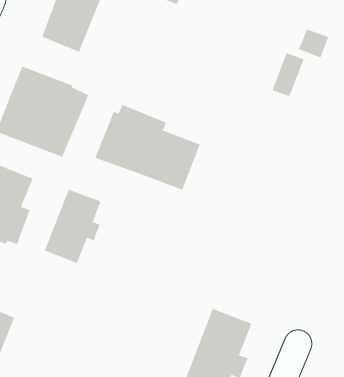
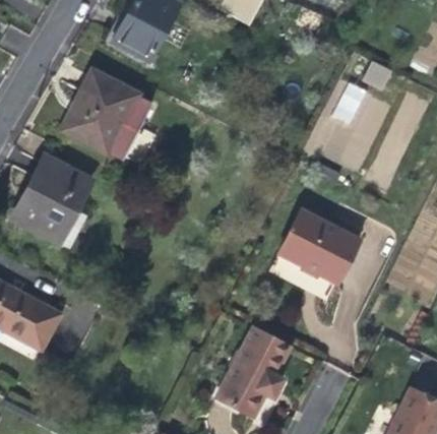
building: [94,104,201,191] -> none
building: none -> [276,208,359,282]
building: [44,189,101,264] -> none

